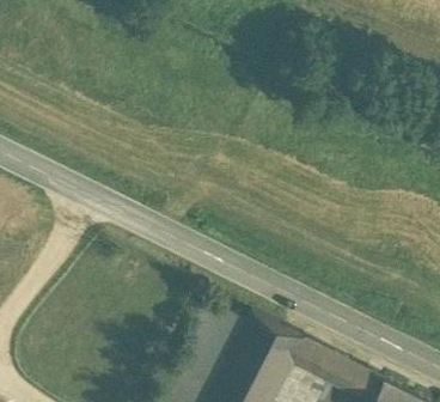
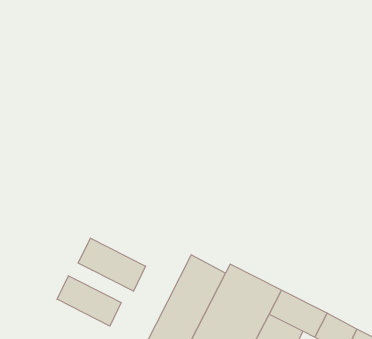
building: none -> [78,238,146,291]
building: none -> [57,276,121,326]

